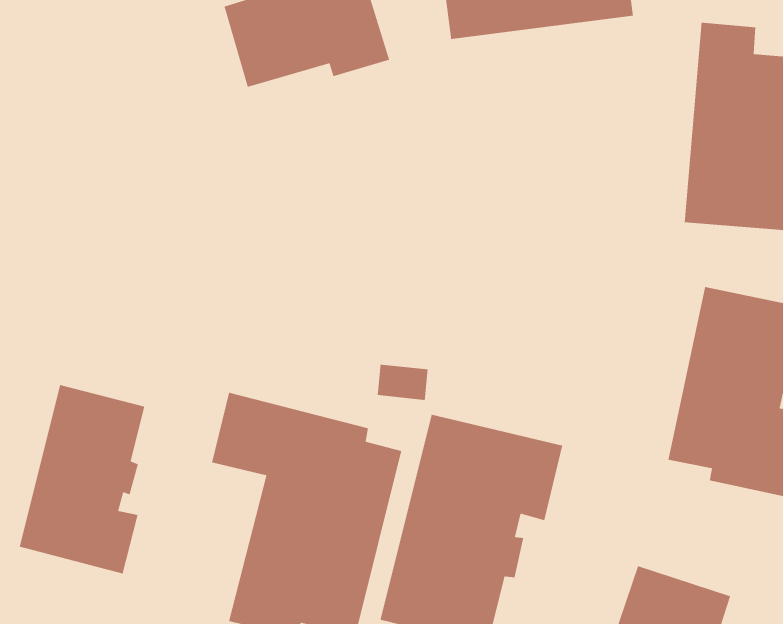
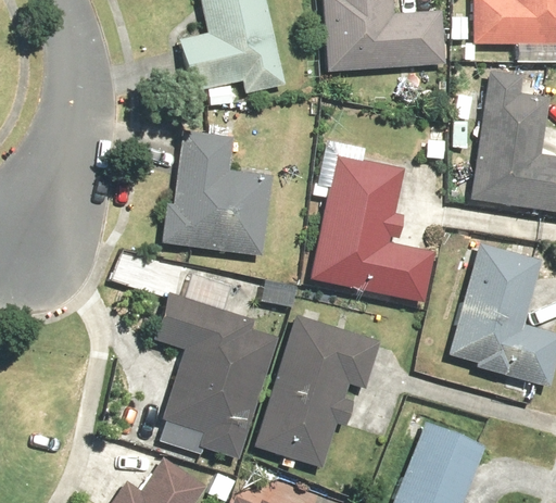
building: none -> [161,129,276,252]
building: none -> [309,153,438,302]
building: [19,384,145,574] -> none

